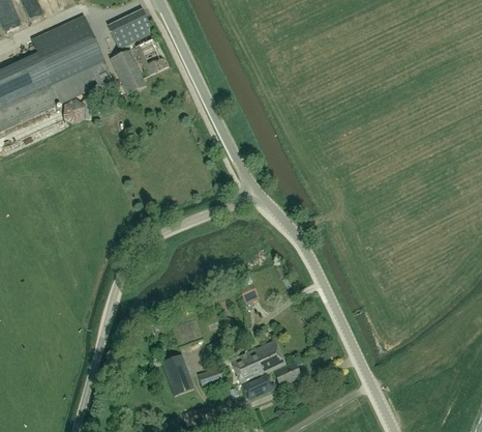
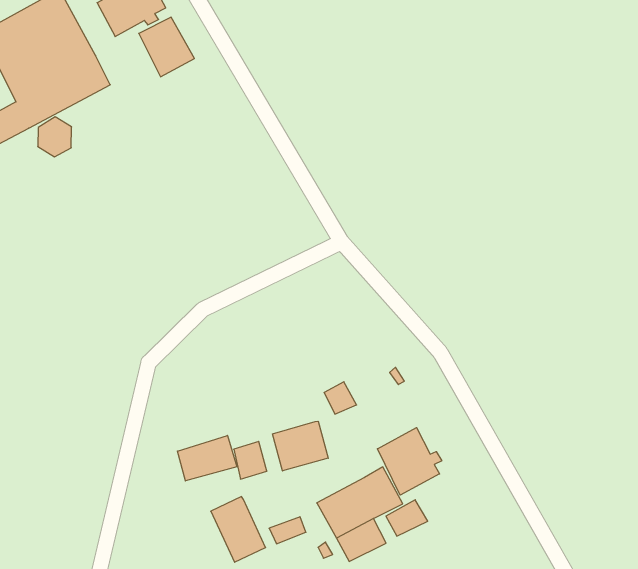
building: [109,49,145,93] -> none
building: none -> [272,421,328,471]
building: none -> [177,435,237,481]
building: none -> [377,428,442,495]

